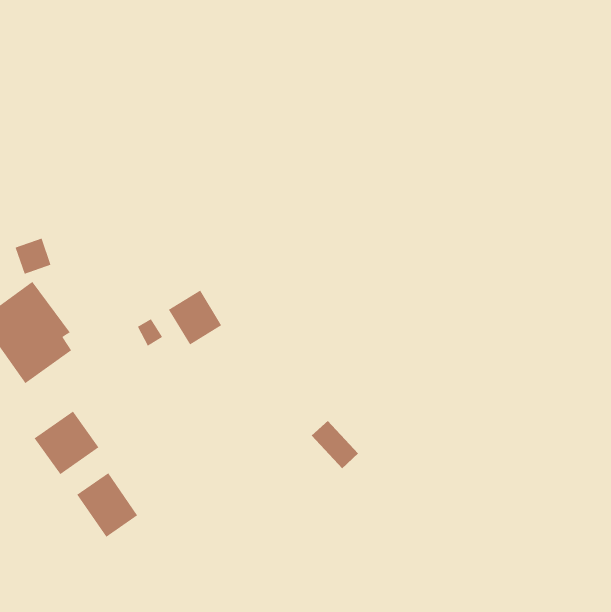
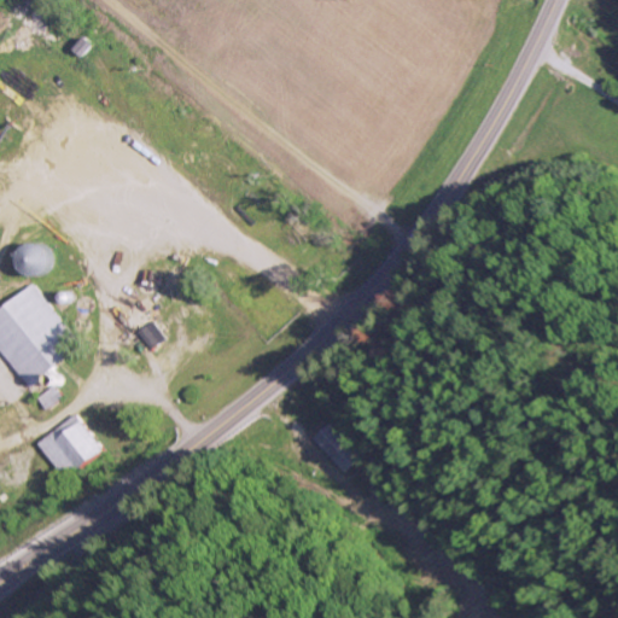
building: [168,289,222,345] -> none
building: [76,472,138,538] -> none

